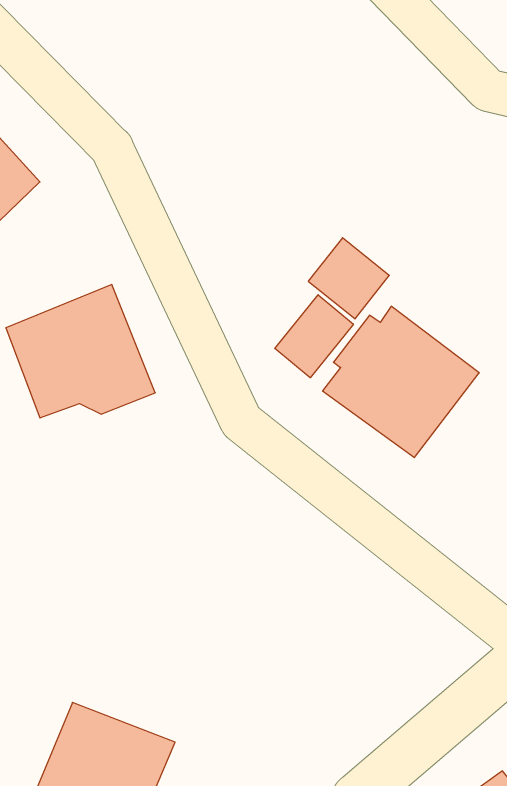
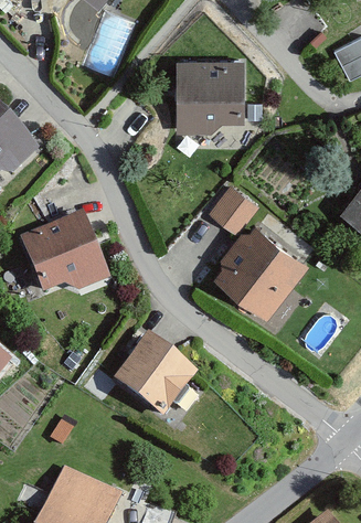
building: none -> [173,63,243,131]
building: [275,295,353,378] -> none
building: none -> [117,335,202,420]

